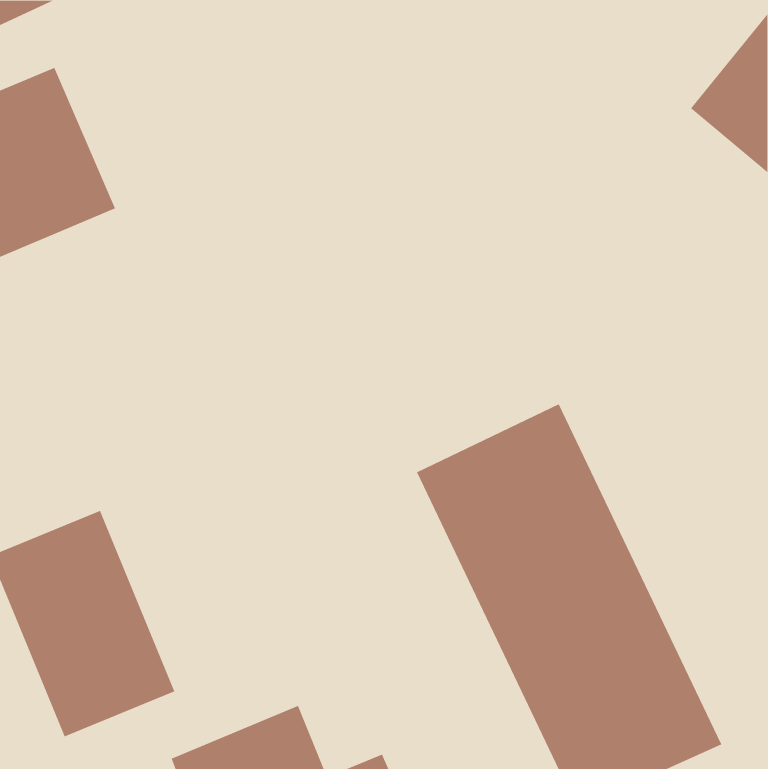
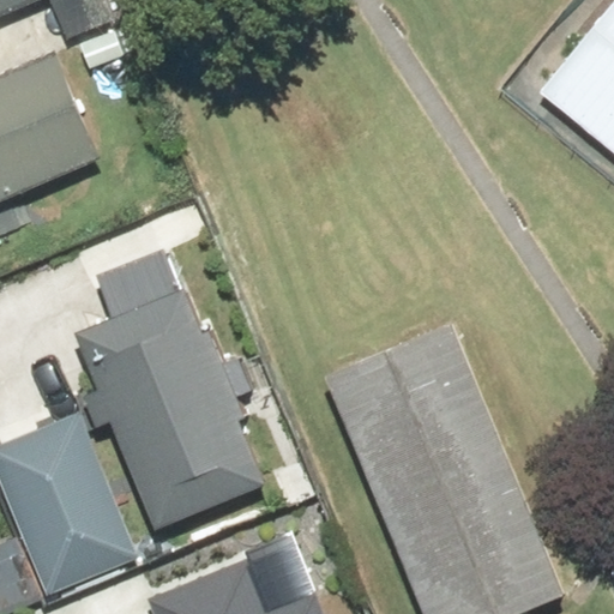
building: none -> [72,248,263,528]

